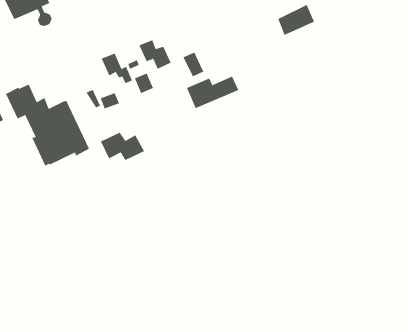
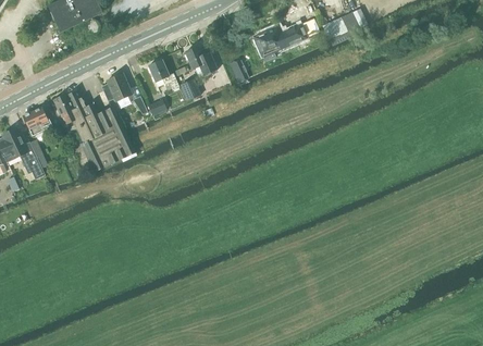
building: none -> [101,73,132,101]
building: [186,76,239,109] -> [255,25,307,58]
building: [100,132,145,161] -> none

